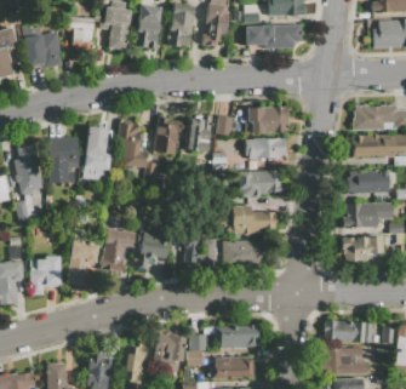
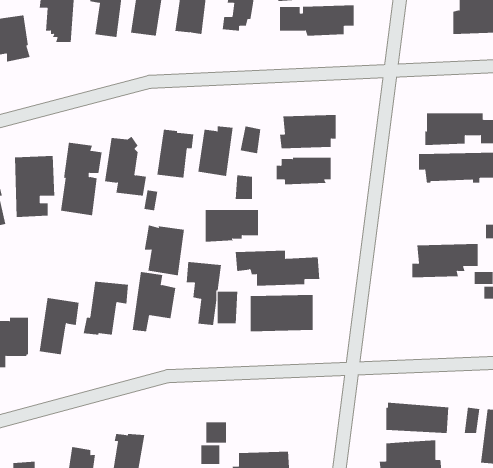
building: [348,171,389,194] -> none
building: [240,172,280,196] -> [205,210,259,242]
building: none -> [144,224,184,276]
building: [343,236,383,262] -> none
building: [216,325,258,348] -> none
building: [156,334,185,364] -> none

